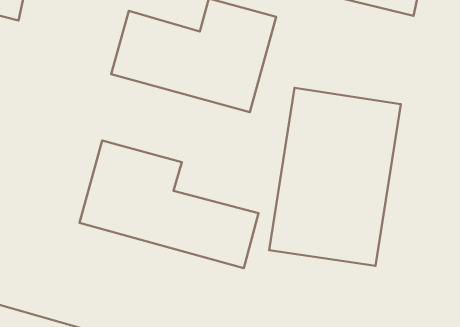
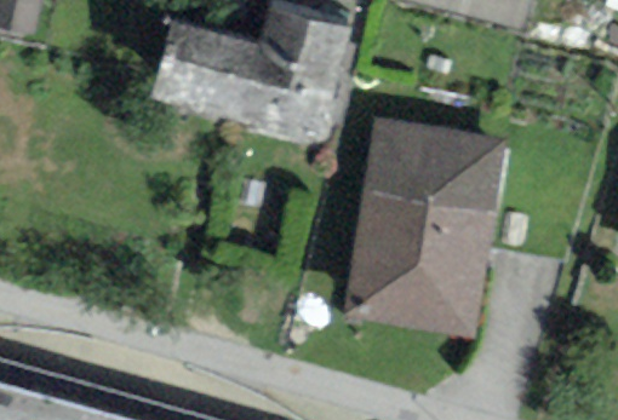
building: [79,140,259,268] -> none

